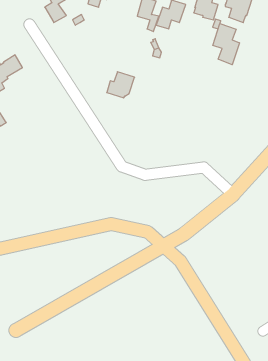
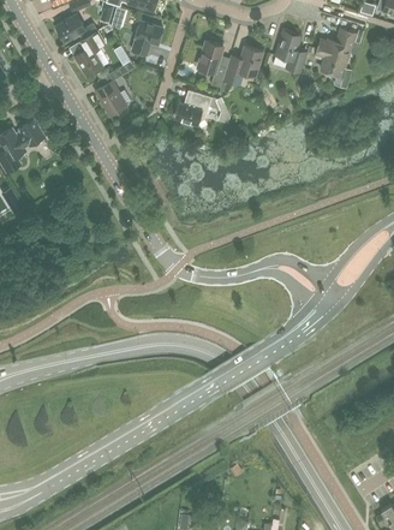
building: [213,23,239,65] -> none
building: none -> [95,81,126,115]
building: [107,72,135,98] -> [174,90,211,125]

